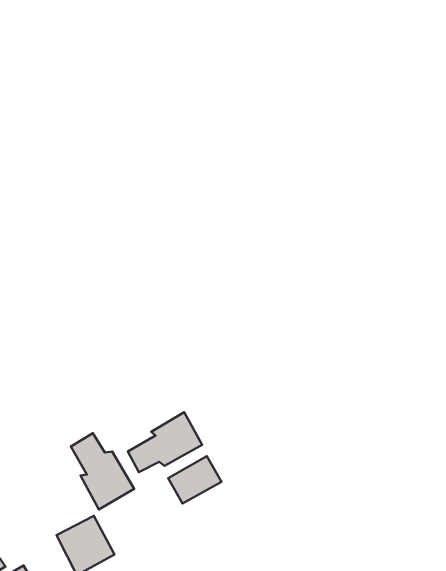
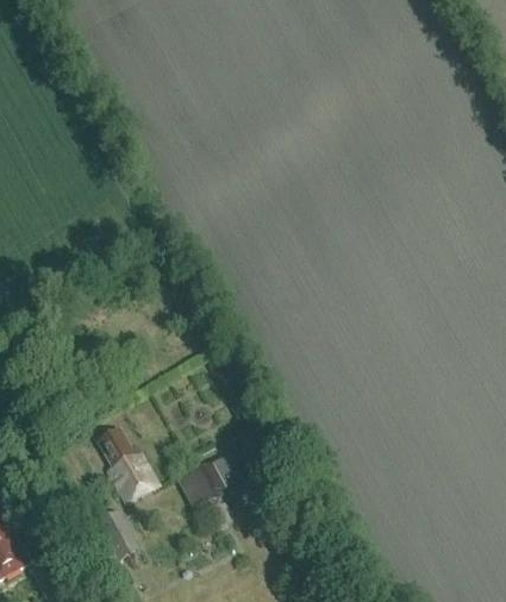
building: [128,412,202,472] -> none

